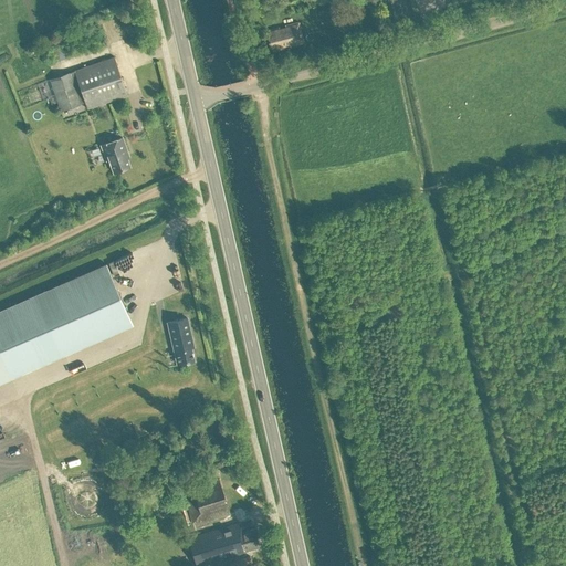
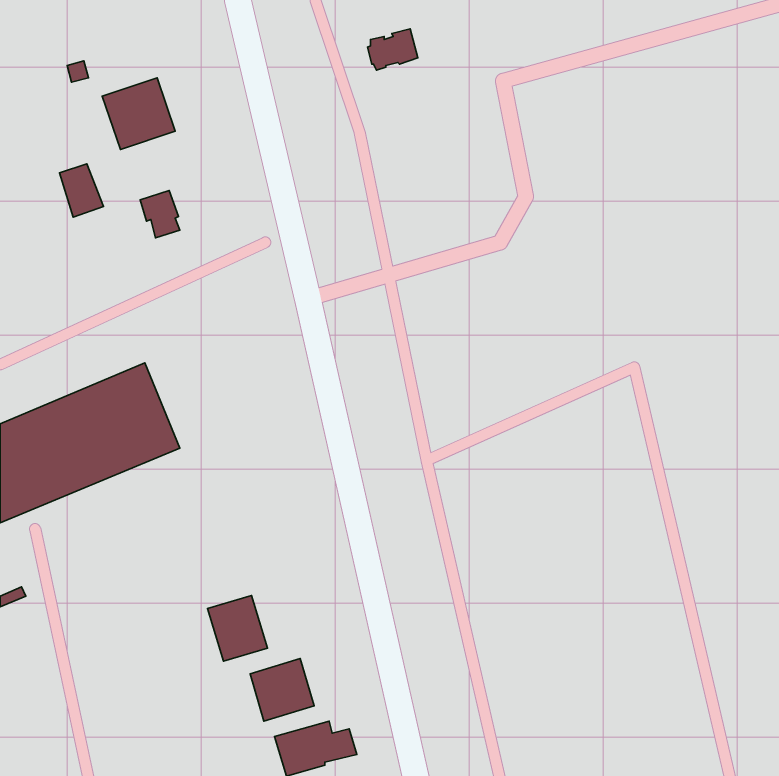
building: [50,74,82,113] -> [59,164,104,217]
building: [167,319,193,366] -> none
building: none -> [207,596,268,661]

